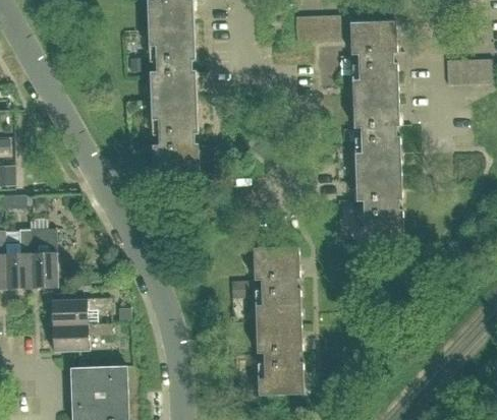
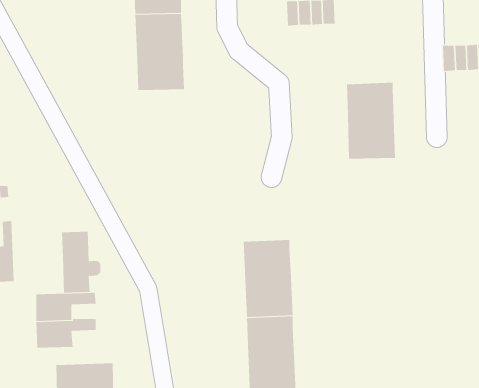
building: [349,21,398,98] -> none
building: [151,103,200,178] -> none
building: [354,169,403,244] -> none
building: [30,228,68,288] -> [61,231,101,293]

